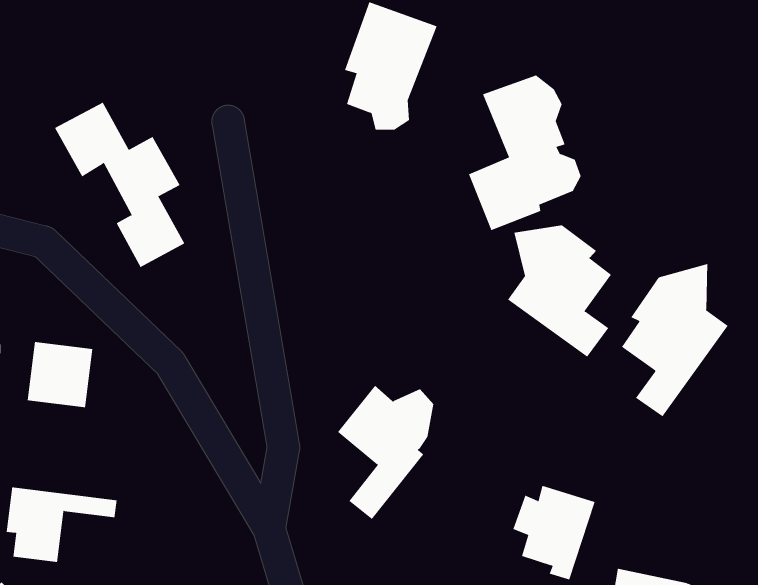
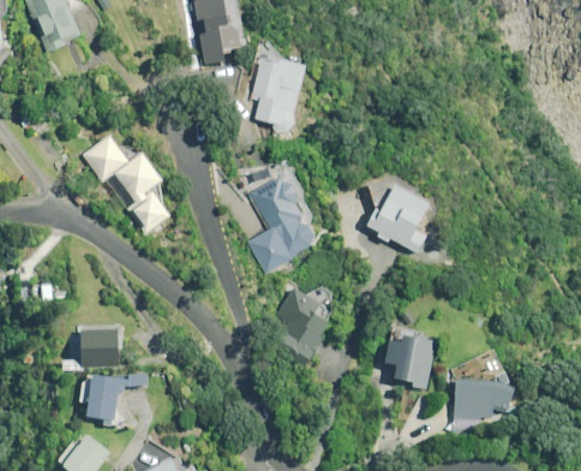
building: [468,75,582,231] -> [246,177,315,274]
building: [621,263,728,417] -> none
building: [27,342,93,408] -> [83,329,119,365]

